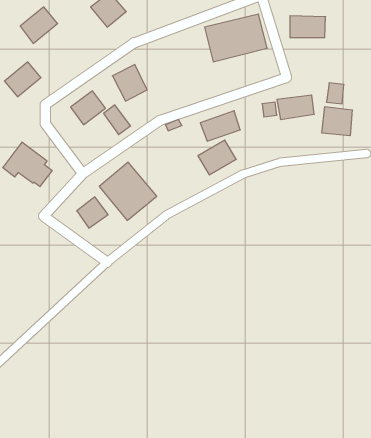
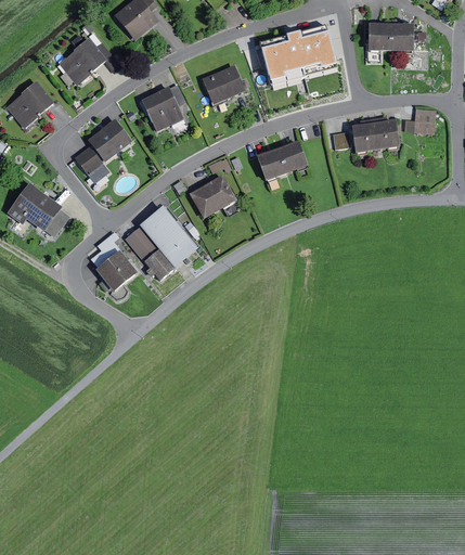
building: [20,7,58,43] -> [61,38,107,83]
building: none -> [197,66,240,105]
building: [104,105,131,135] -> [76,144,109,181]
building: [322,107,352,136] -> none
building: [198,140,236,175] -> [191,175,238,218]

